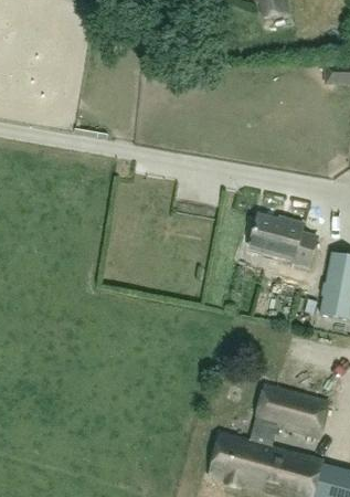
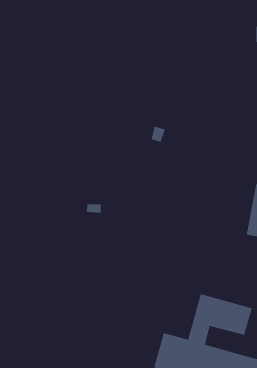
building: [250,214,317,267] -> none

